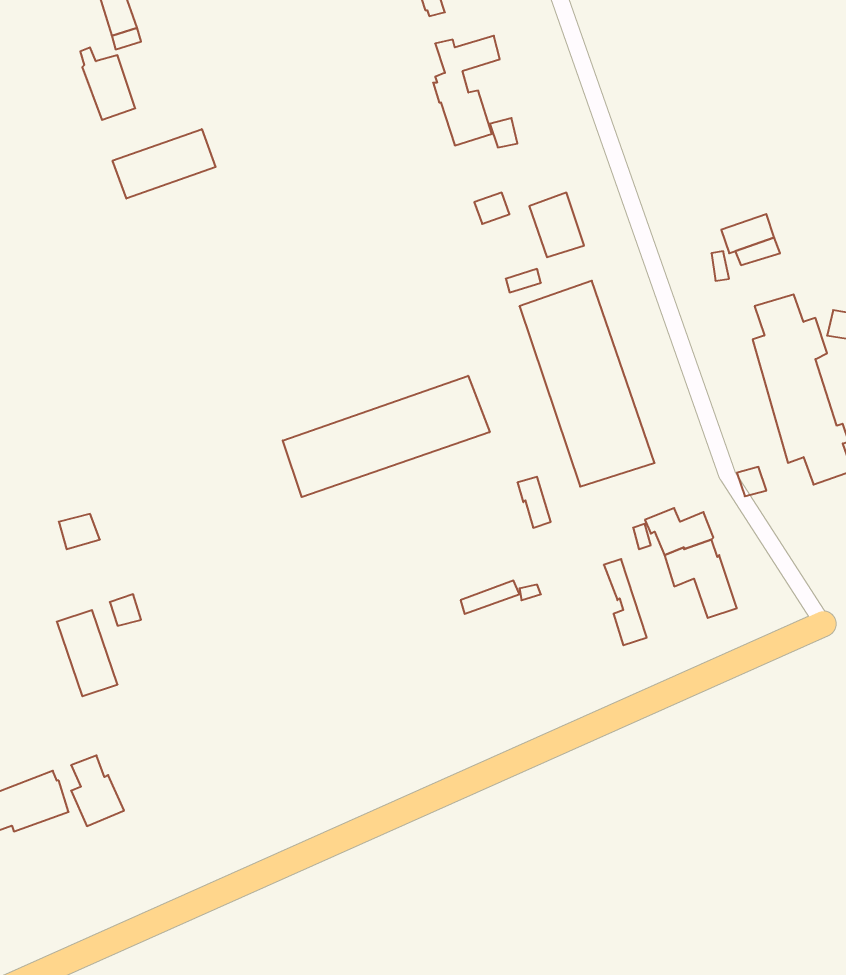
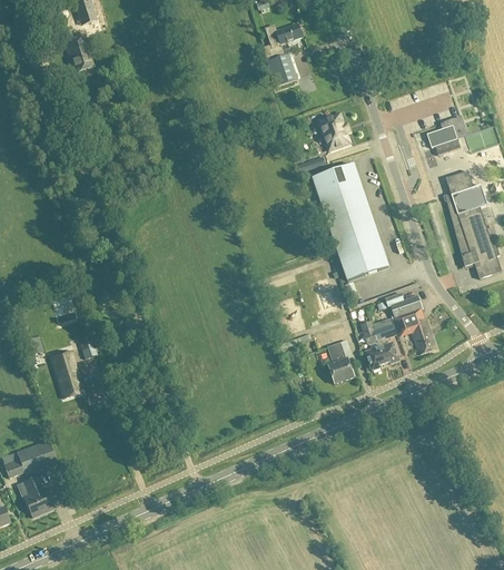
building: [113,129,216,199] -> none
building: [283,376,490,497] -> none
building: none -> [369,320,398,364]
building: none -> [326,341,354,383]
building: [71,755,124,826] -> [22,475,52,515]

